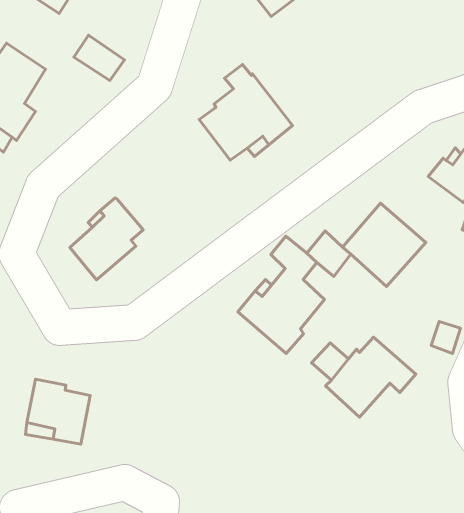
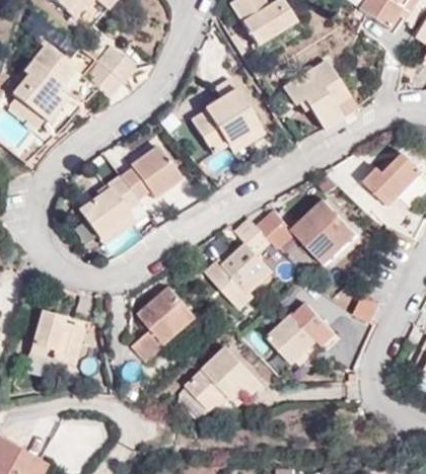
building: none -> [284,61,358,132]
building: none -> [82,60,125,99]
building: none -> [120,145,180,199]
building: none -> [134,287,198,361]
building: none -> [180,346,265,416]

